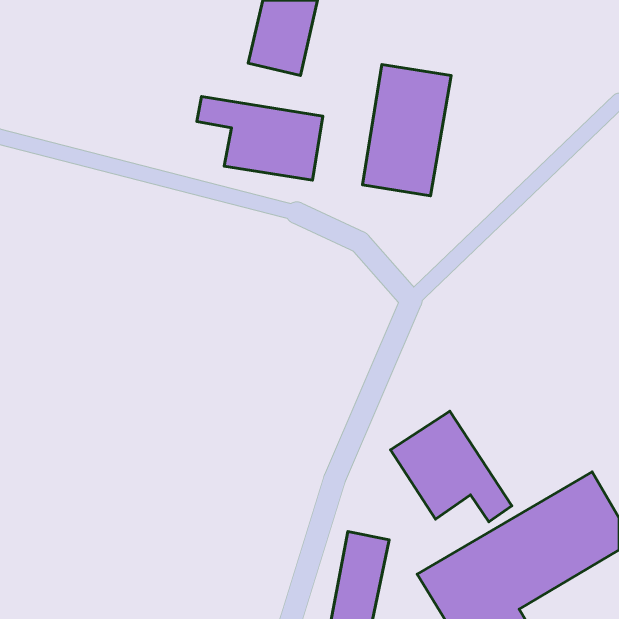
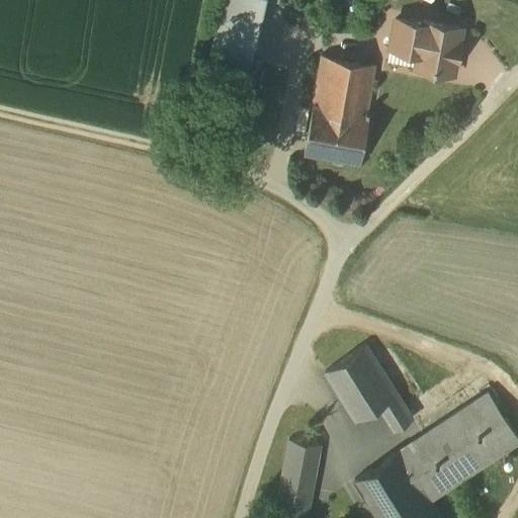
building: none -> [383,16,462,78]
building: [197,96,323,180] -> none

